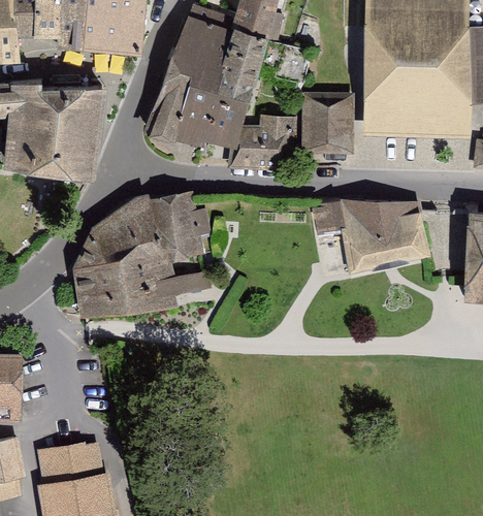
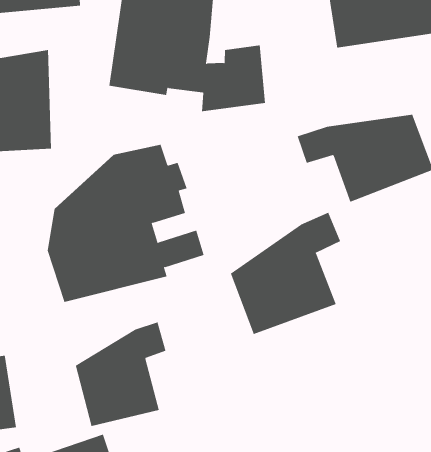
building: [302,94,352,153] -> none
building: none -> [230,212,341,335]
building: none -> [75,321,166,427]

